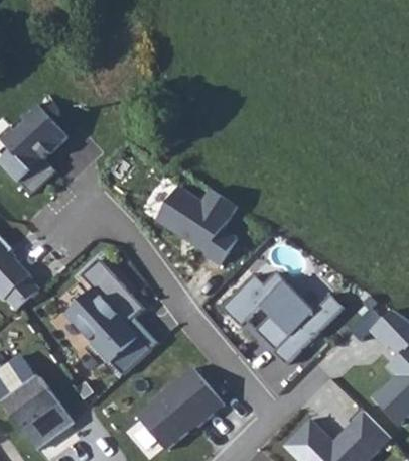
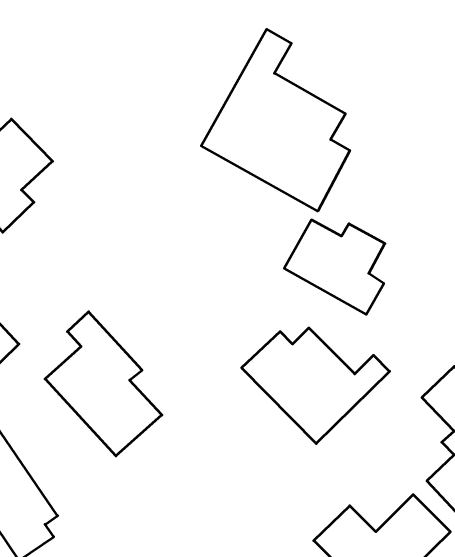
building: none -> [201,29,350,211]
building: [156,186,238,262] -> [284,220,385,314]
building: [134,366,225,452] -> none

